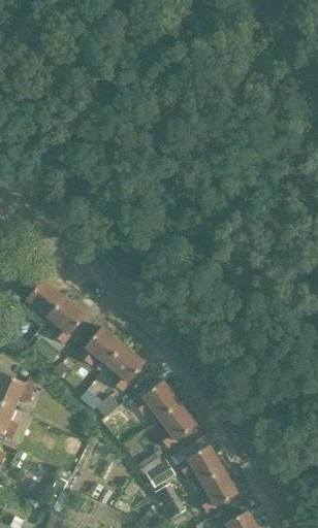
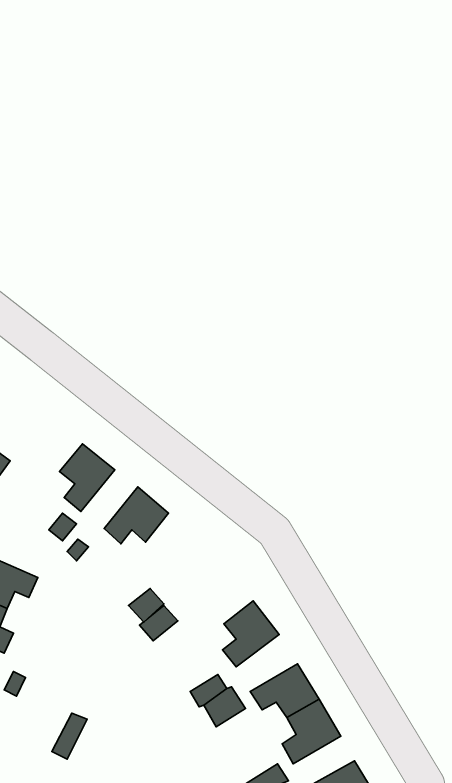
building: [20,279,64,326] -> none
building: [106,344,145,390] -> none
building: [133,381,179,419] -> none
building: [155,483,184,517] -> none

